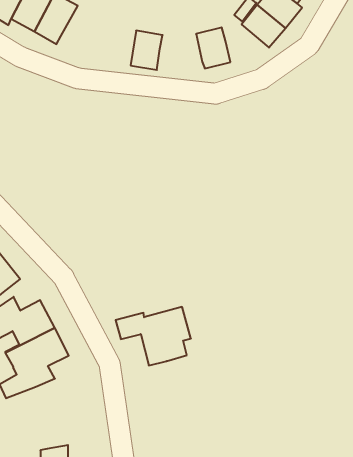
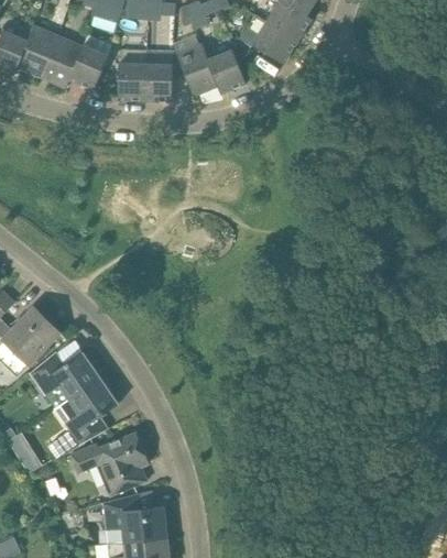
building: none -> [68,46,107,90]
building: none -> [175,44,216,96]
building: none -> [117,64,144,100]
building: [116,307,191,365] -> [68,433,148,496]

